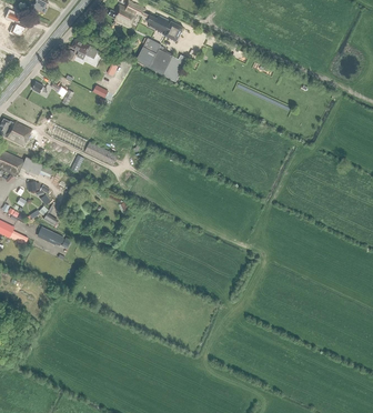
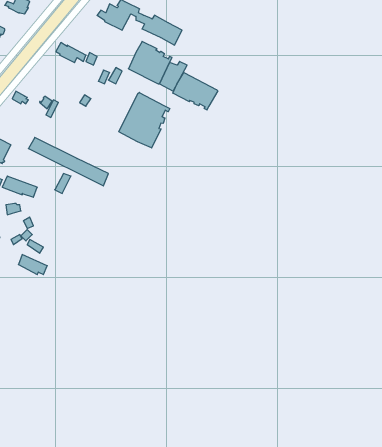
building: none -> [173,73,218,110]
building: none -> [119,92,170,148]

